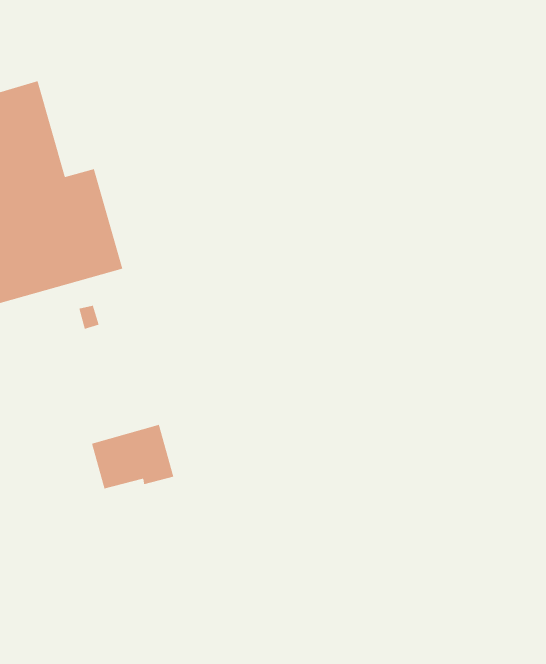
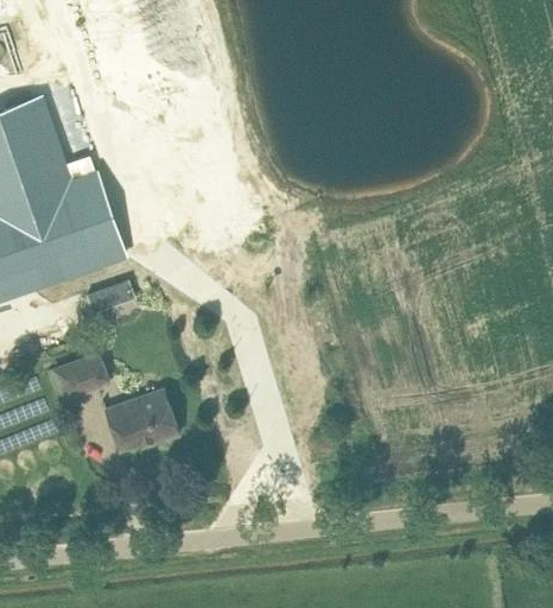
building: none -> [70,355,109,394]

